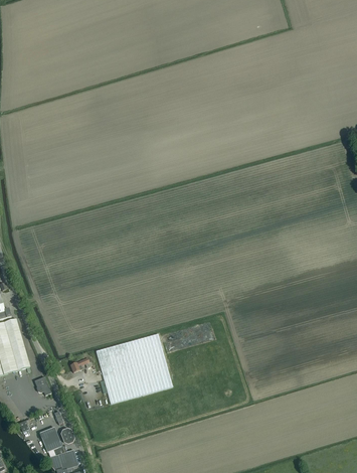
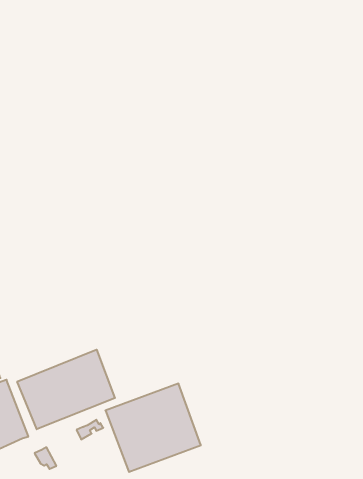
building: none -> [17,350,115,429]

